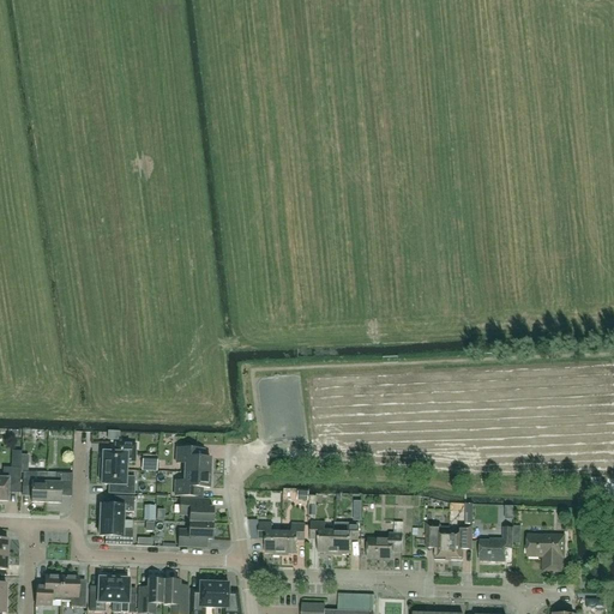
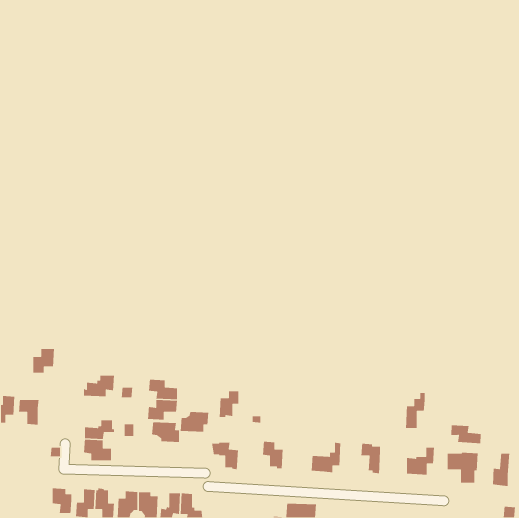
building: [98,468,134,493] -> none
building: [46,472,72,502] -> [32,348,55,373]
building: none -> [450,424,482,444]
building: [449,517,472,560] -> [405,392,426,429]
building: [177,522,212,547] -> [180,411,209,432]
building: [333,522,359,554] -> none
building: [281,523,305,555] -> [219,390,239,418]
building: none -> [492,453,510,487]
building: [36,576,61,606] -> none

